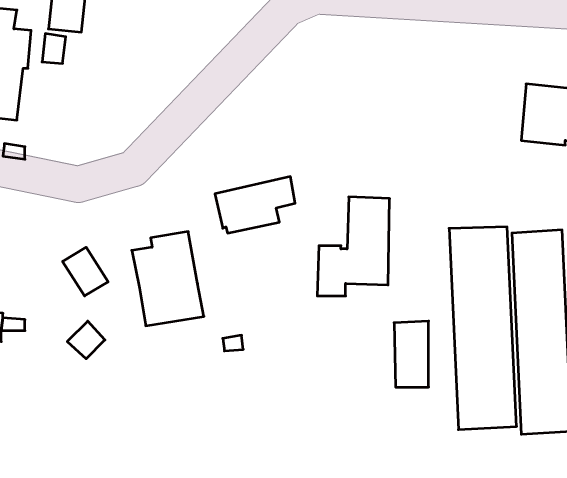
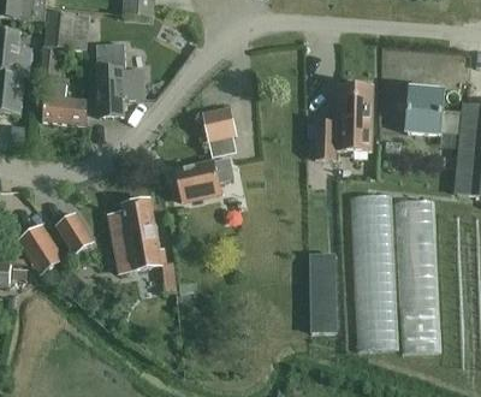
building: none -> [97,42,143,117]
building: none -> [43,81,88,125]
building: none -> [202,106,237,142]
building: [317,197,390,296] -> [316,81,372,156]
building: none -> [20,225,64,272]

